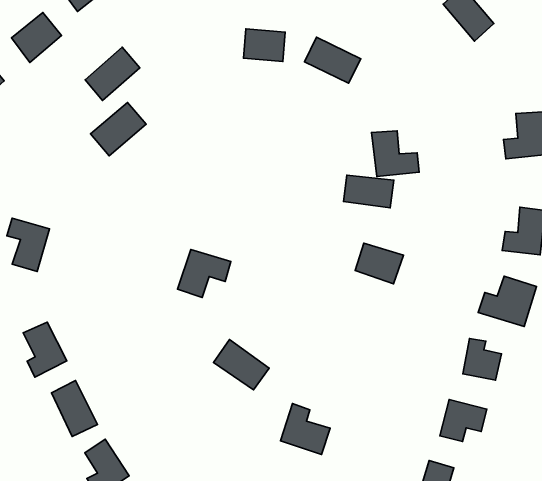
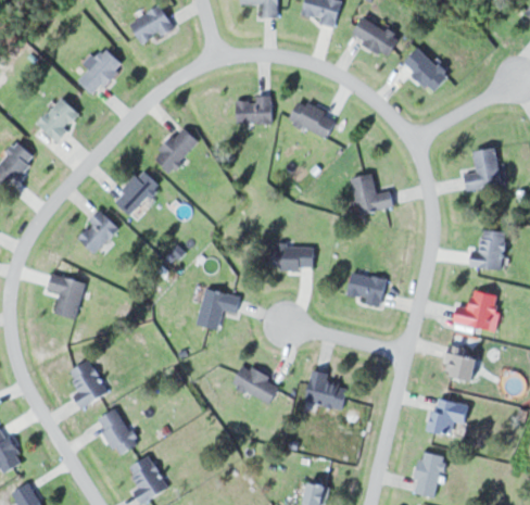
building: [85,47,140,100] -> [153,126,199,173]
building: none -> [75,211,117,253]
building: [343,175,394,208] -> [273,245,314,270]
building: [281,403,330,454] -> [306,368,348,409]

